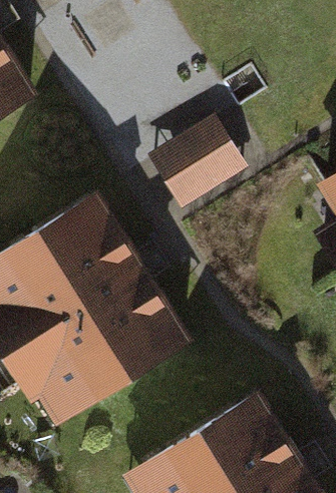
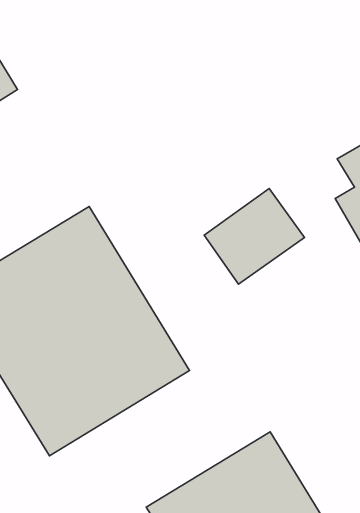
building: [153,104,242,188] -> [204,188,304,284]

